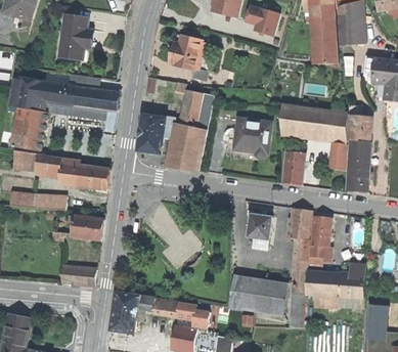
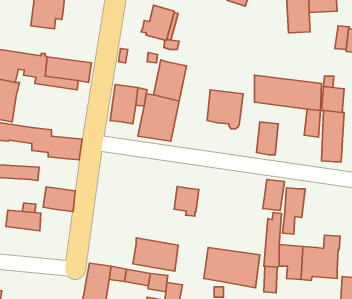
building: [247,213,271,243] -> [174,186,199,216]
building: [60,265,95,285] -> [6,210,41,231]
building: none -> [133,238,178,271]

